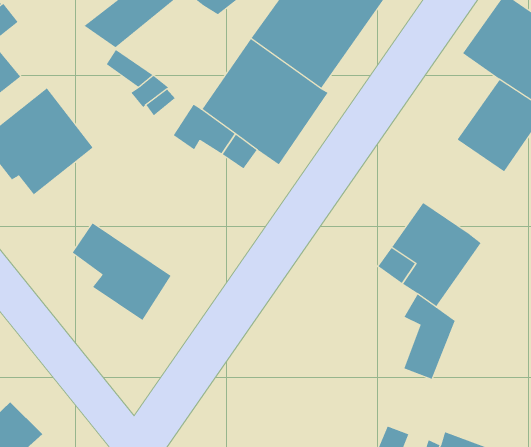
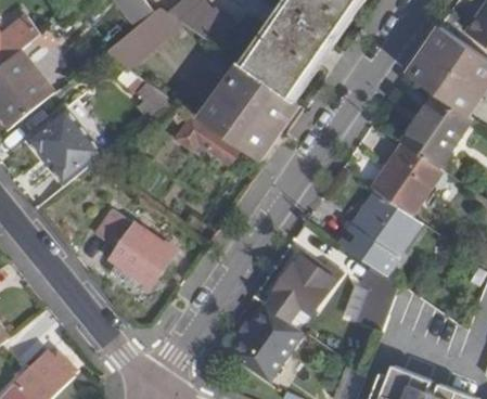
building: none -> [371,142,443,216]
building: none -> [278,256,338,312]
building: none -> [230,303,304,379]

